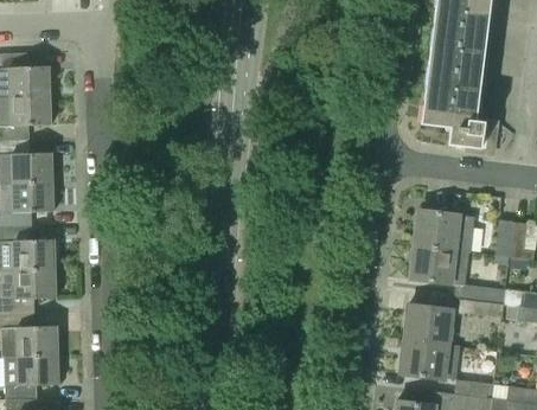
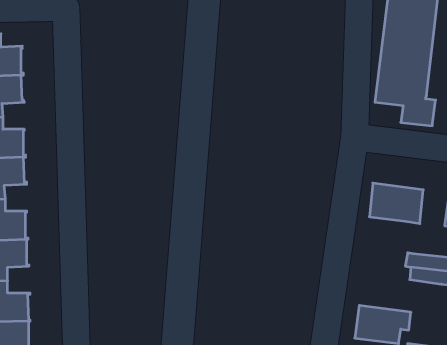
building: [411,245,454,283] -> none
building: [405,305,455,345] -> none

